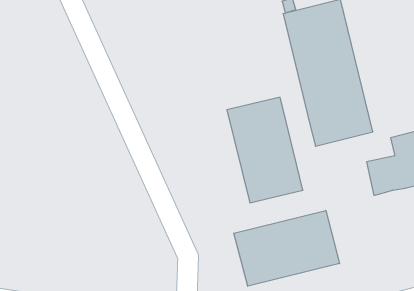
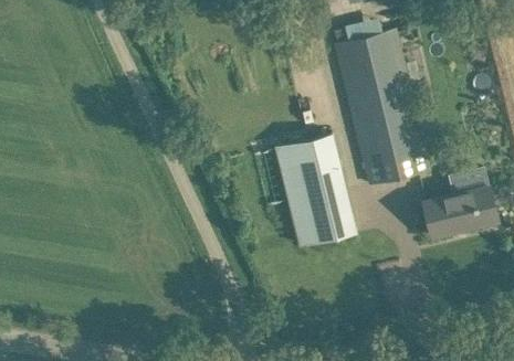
building: [234,210,339,286] -> none

